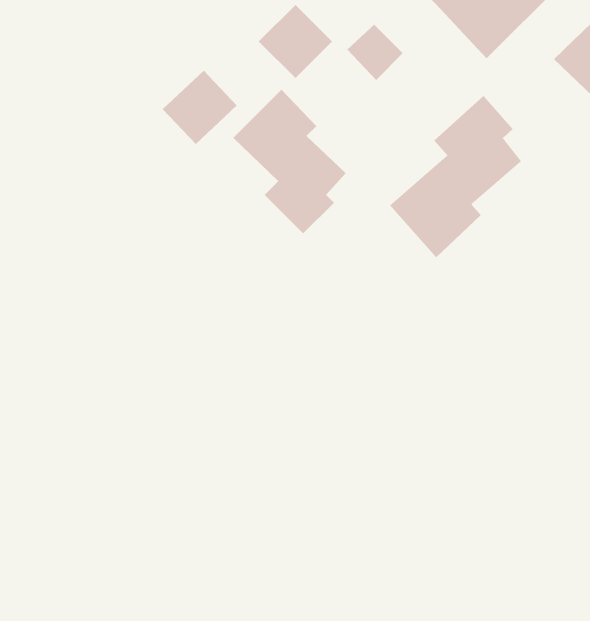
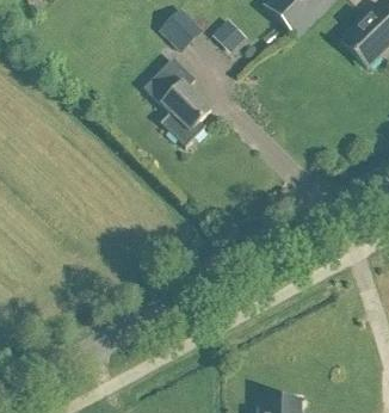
building: [162,70,238,145] -> none
building: [389,95,522,258] -> none

